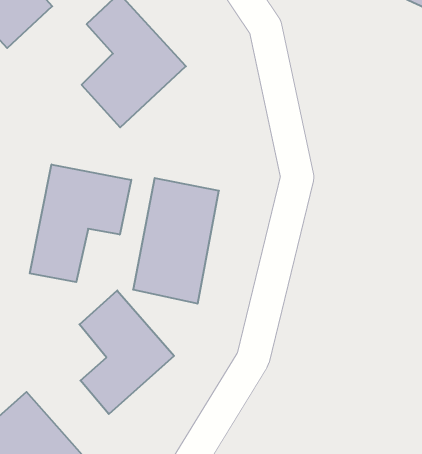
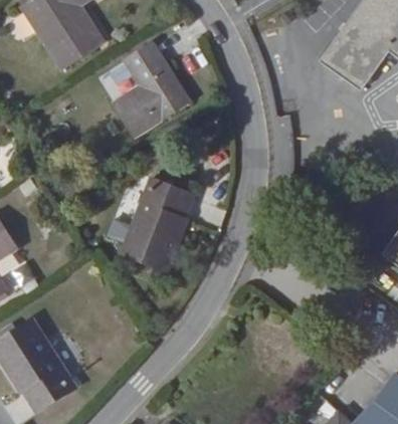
building: [30,164,131,282] -> none
building: [79,290,174,414] -> none

